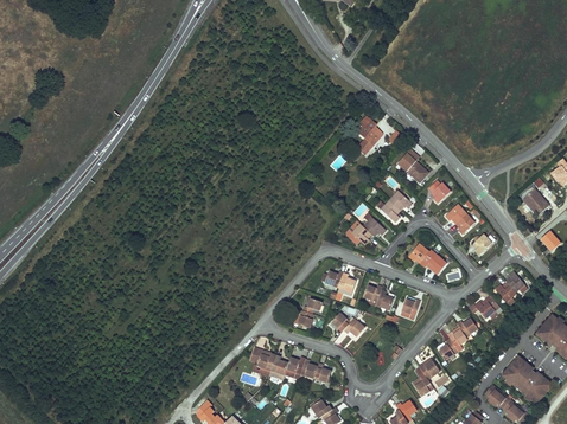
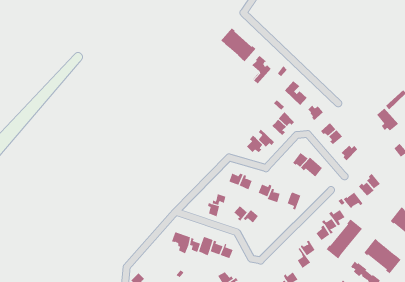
building: none -> [220,28,256,62]
building: none -> [326,219,363,259]

